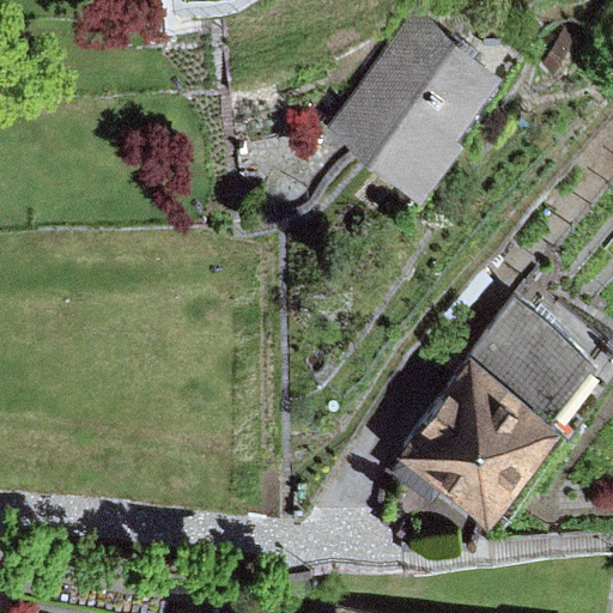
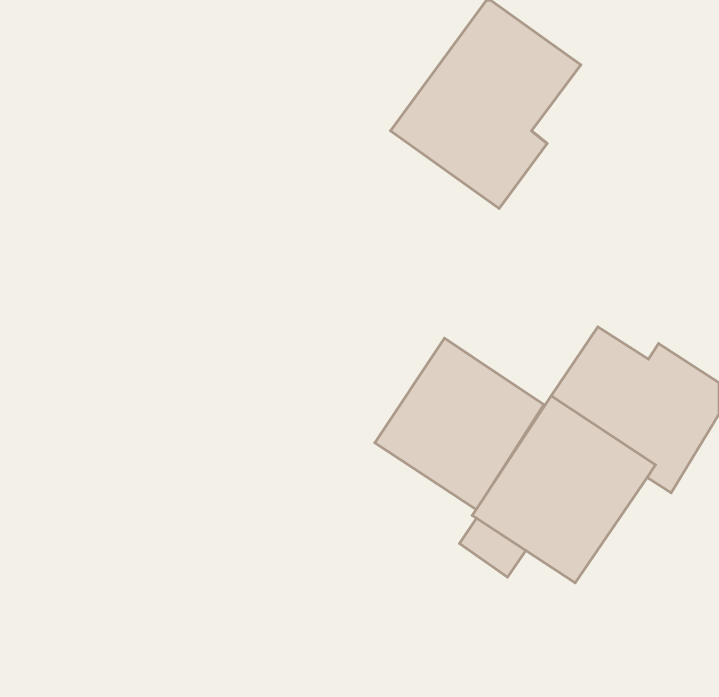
building: none -> [375,338,544,510]

